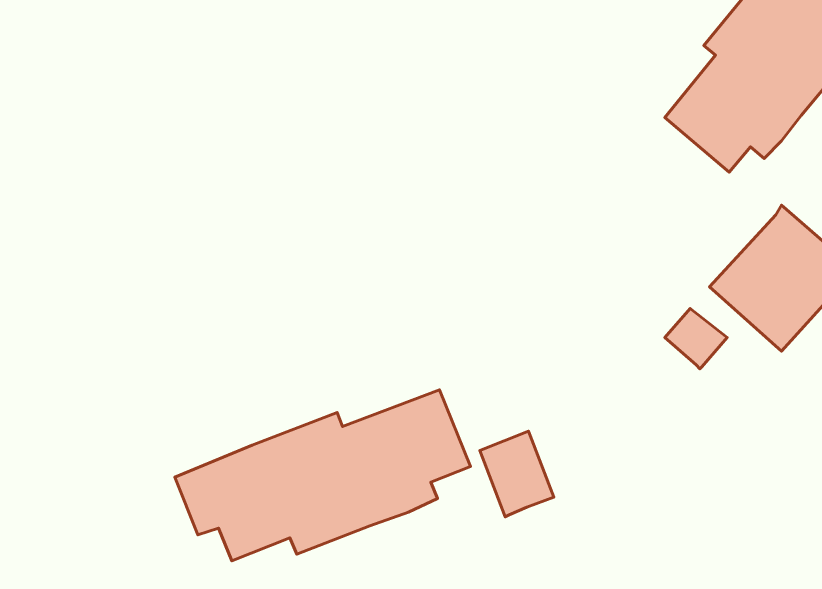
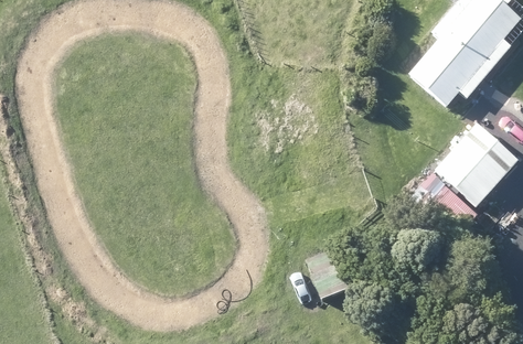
building: [175,390,470,561] -> none

